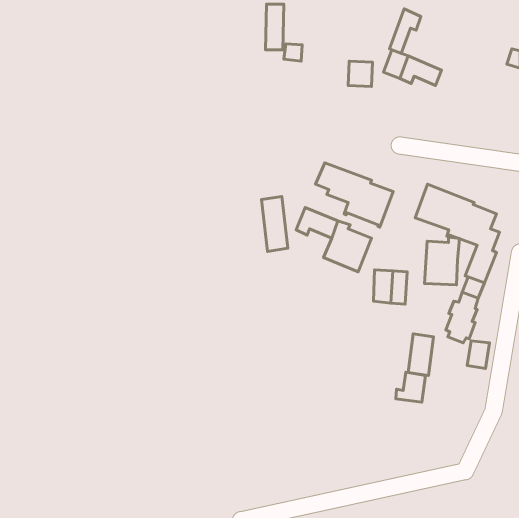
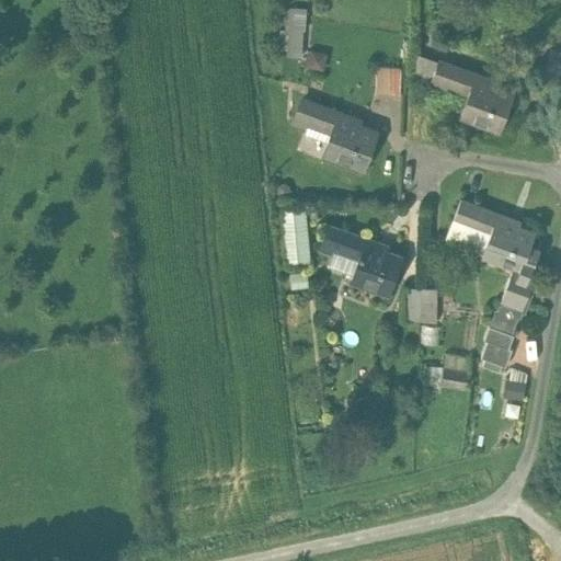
building: [390,9,421,53] -> none
building: none -> [461,78,514,131]
building: [316,163,393,227] -> [294,100,377,169]
building: [424,237,459,285] -> none
building: [396,372,425,402] -> none

